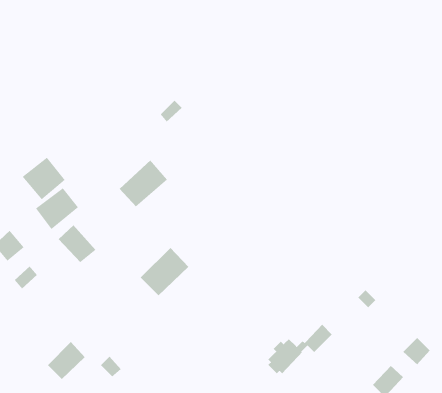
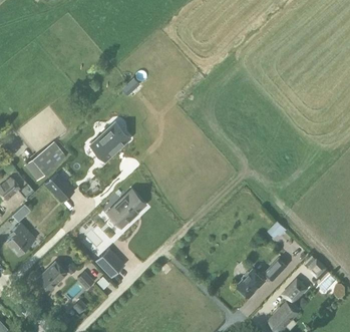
building: [22,157,65,200] -> none
building: none -> [6,221,34,252]
building: [268,324,333,374] -> [238,256,287,294]
building: none -> [96,247,125,275]

